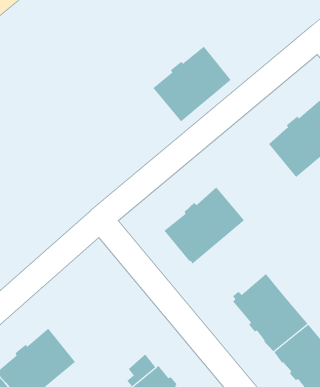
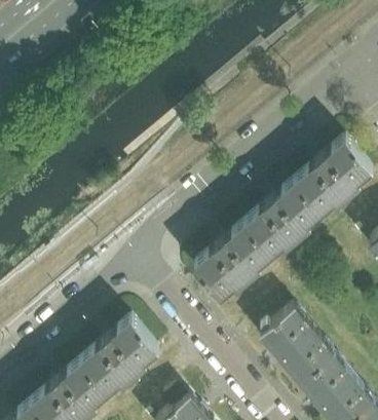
building: [152,46,232,122] -> [244,180,322,254]
building: none -> [81,316,158,391]

